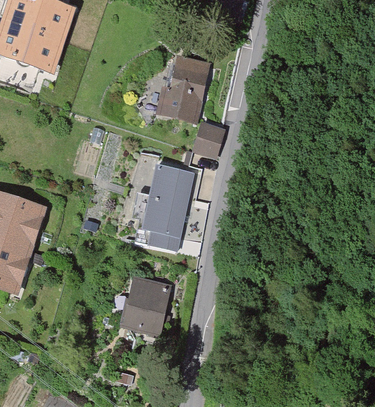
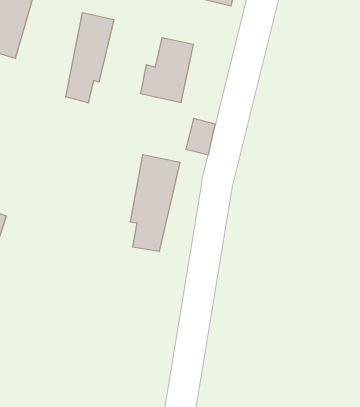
building: none -> [66,13,114,103]
building: [131,283,169,331] -> none

